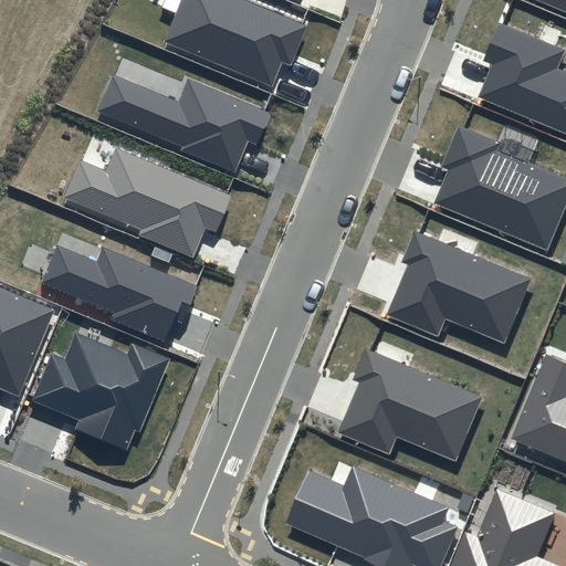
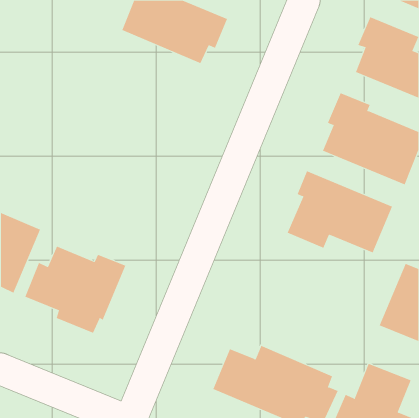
building: [96,74,272,174] -> none
building: [64,147,231,258] -> none
building: [42,247,198,342] -> none
building: [337,348,482,462] -> none

